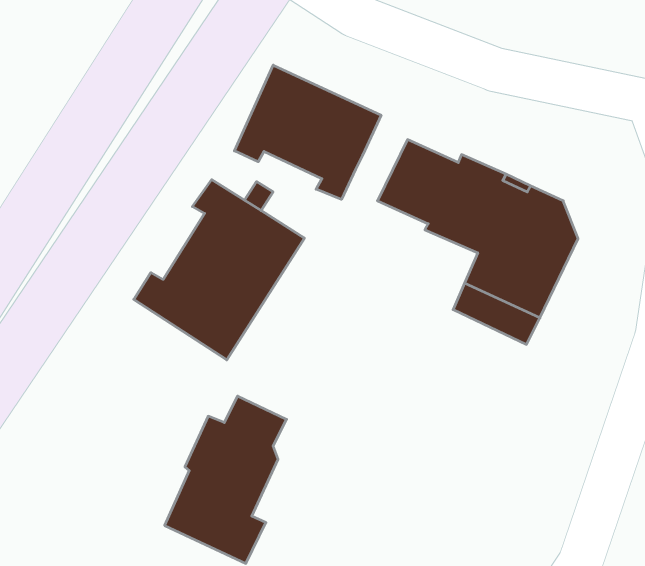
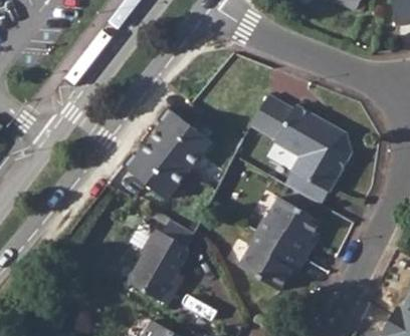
building: [234,65,381,199] -> none
building: none -> [238,198,321,291]

